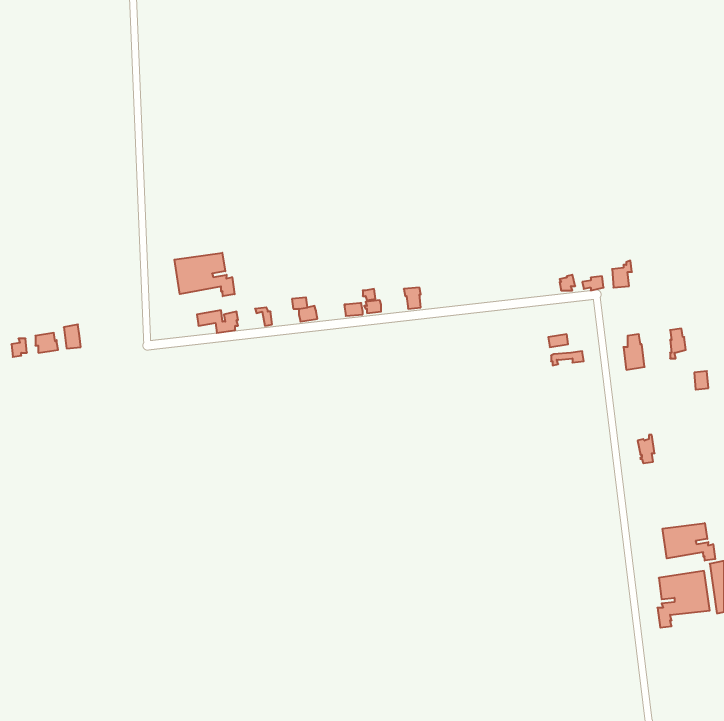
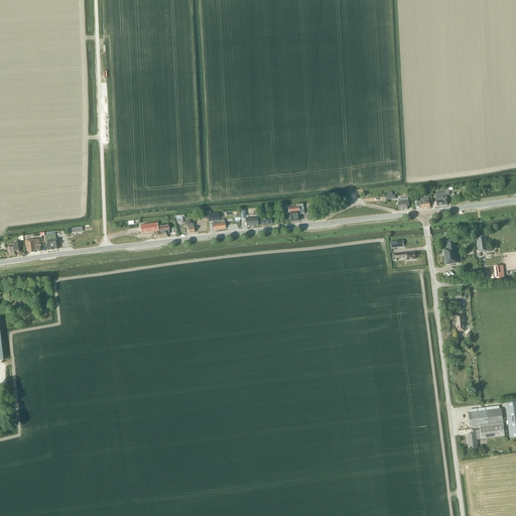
building: [174,253,235,296] -> none
building: [663,523,715,561] -> none

